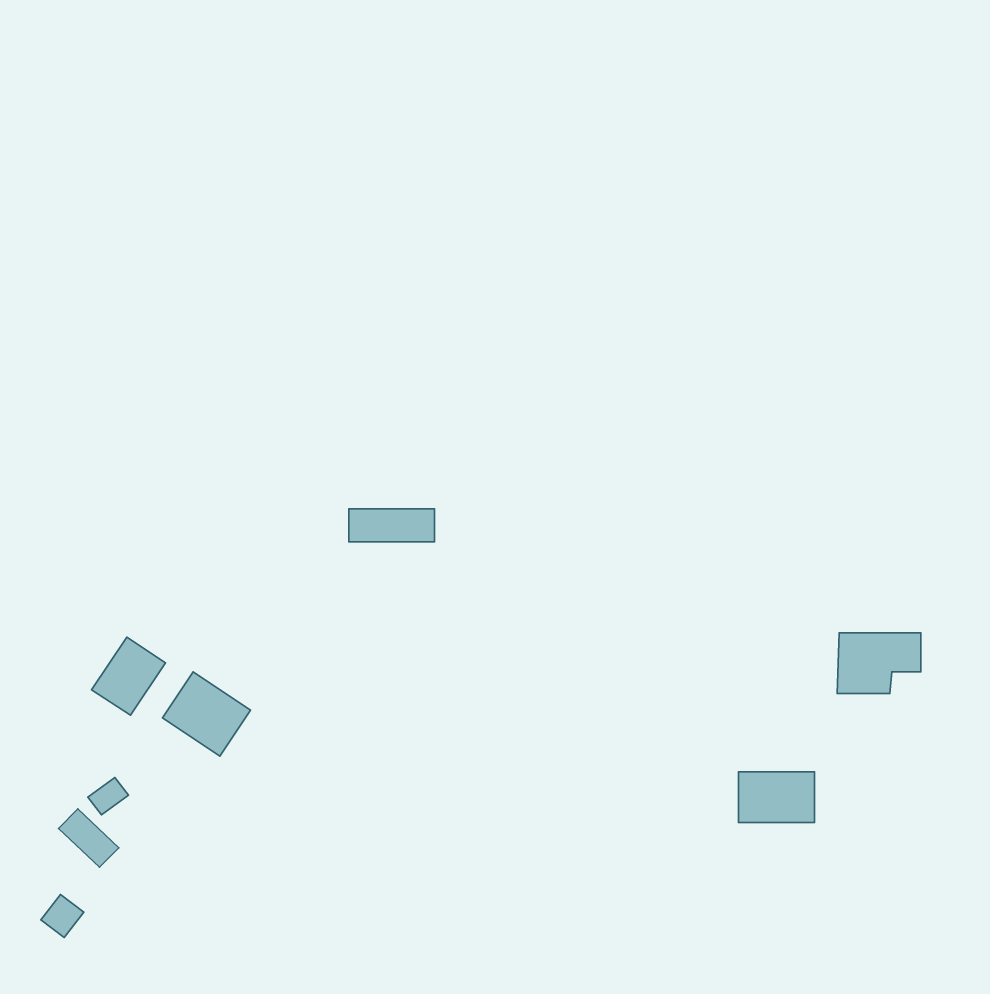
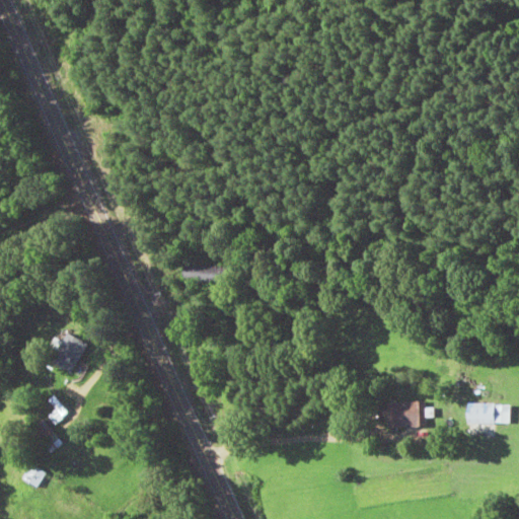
building: [837,633,921,693] -> [465,403,509,435]
building: [163,672,251,756] -> none

